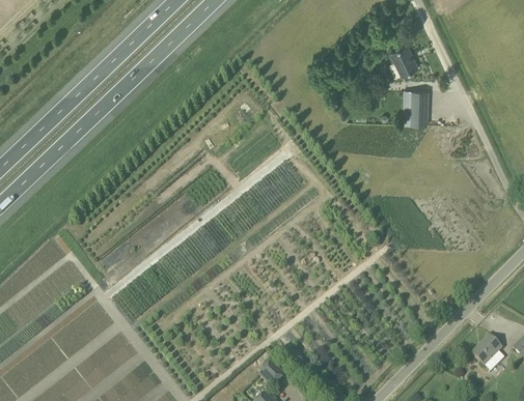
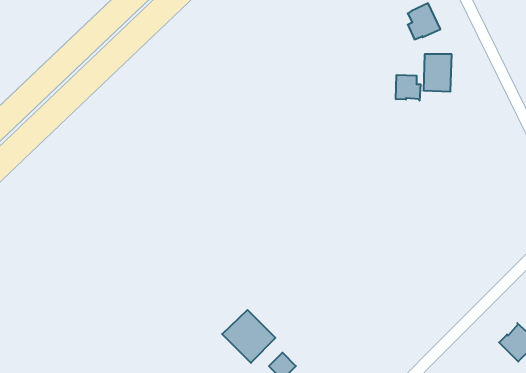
building: none -> [396,75,421,101]
building: none -> [222,310,275,363]

